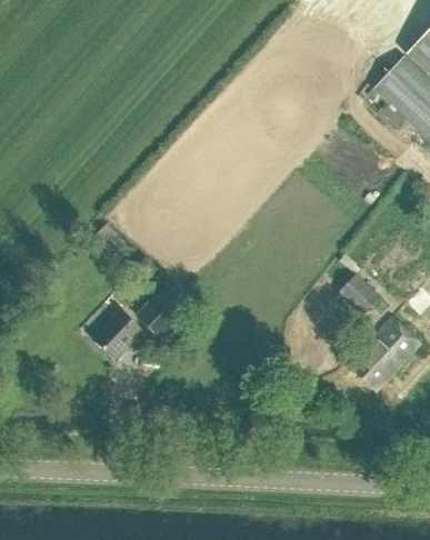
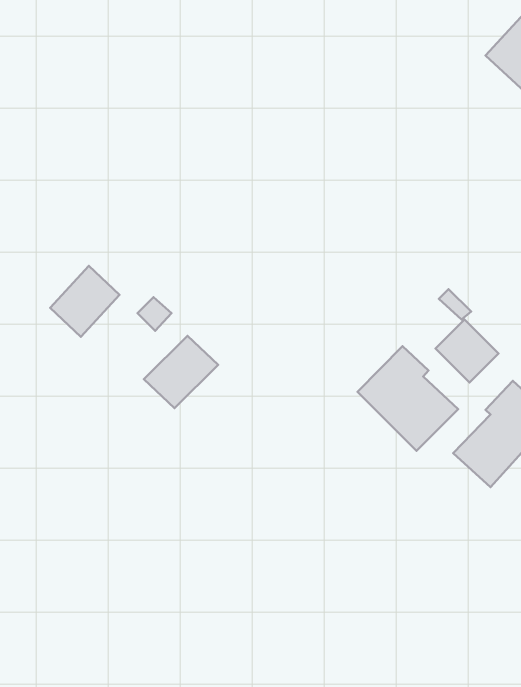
building: none -> [357,346,458,451]
building: [92,309,140,358] -> [50,266,119,337]

